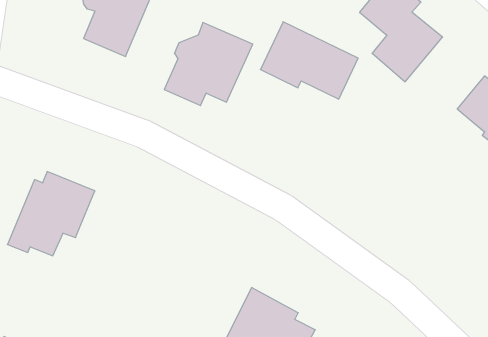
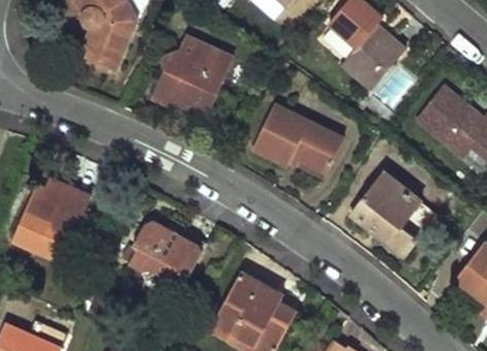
building: [260,22,358,99] -> [253,105,342,176]
building: none -> [352,174,435,255]
building: none -> [123,216,203,289]

